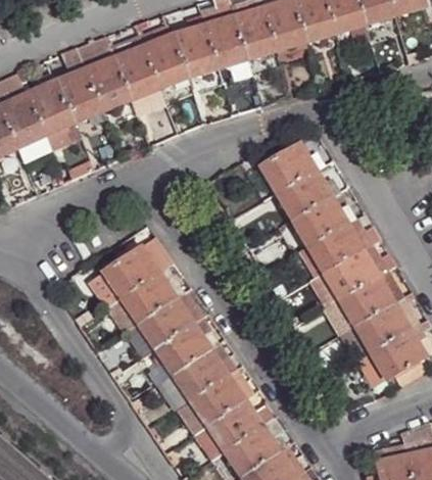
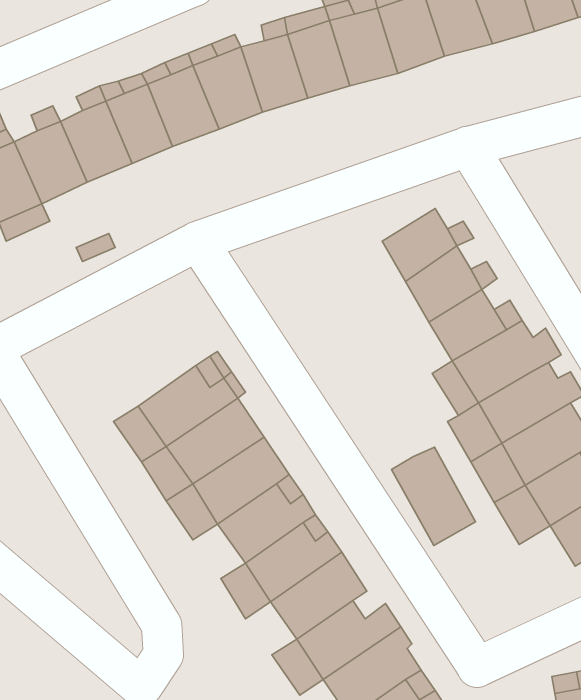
building: none -> [392,447,475,546]

